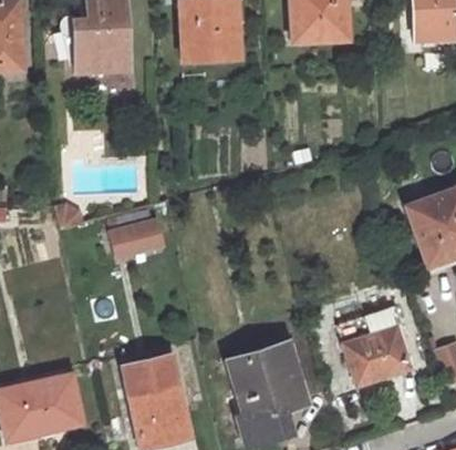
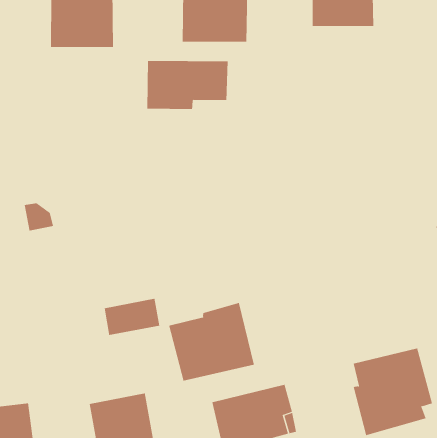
building: none -> [147,60,228,110]
building: [110,221,158,255] -> [104,298,160,336]
building: none -> [169,302,254,382]

